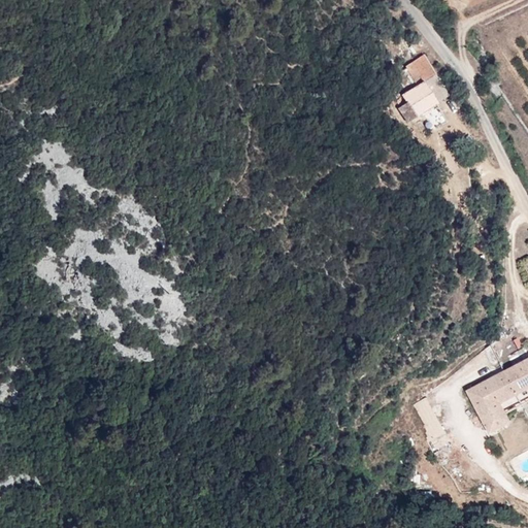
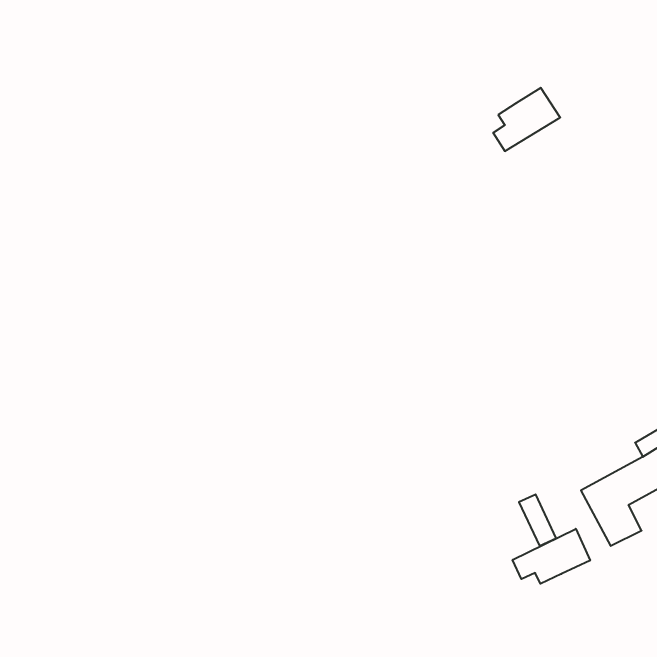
building: [403,54,434,82] -> none
building: none -> [513,529,590,584]

